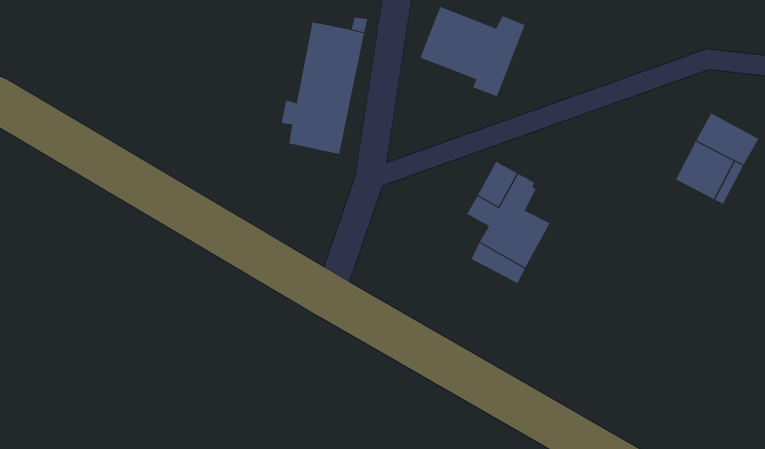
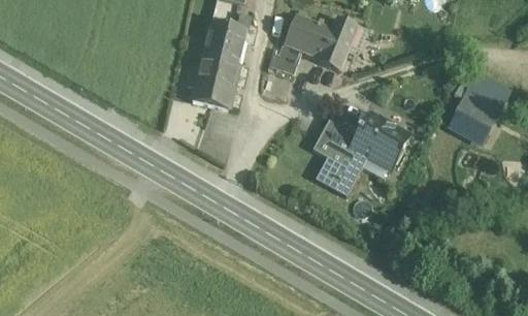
building: none -> [270,45,301,74]
building: none -> [353,114,410,167]

